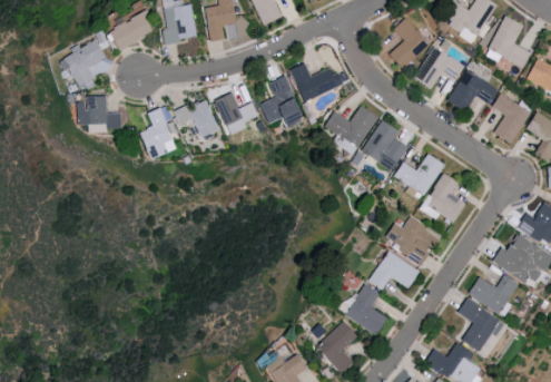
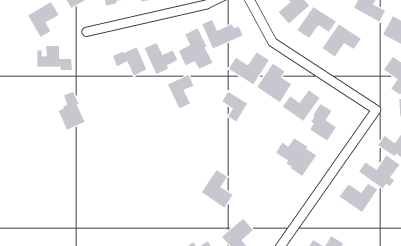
building: [492,92,530,144] -> none
building: [140,107,176,158] -> [58,91,85,130]
building: none -> [167,74,194,109]
building: none -> [222,91,248,122]
building: [368,248,421,288] -> none
building: [344,284,386,335] -> [201,169,233,209]
building: [459,298,501,352] -> none

